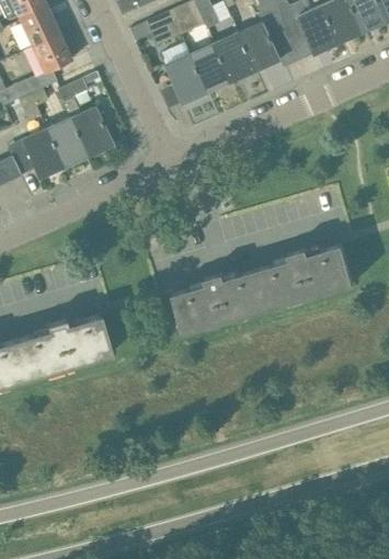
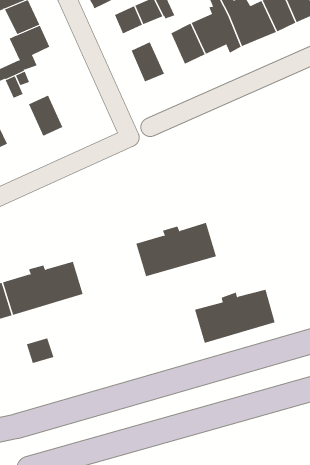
building: [191,44,231,92] -> none
building: [58,79,112,156] -> none
building: [22,128,64,178] -> none
building: [258,244,354,309] -> [194,289,275,344]
building: none -> [26,338,54,364]

